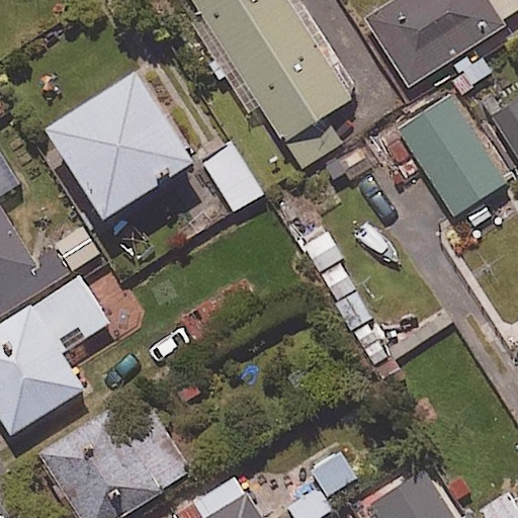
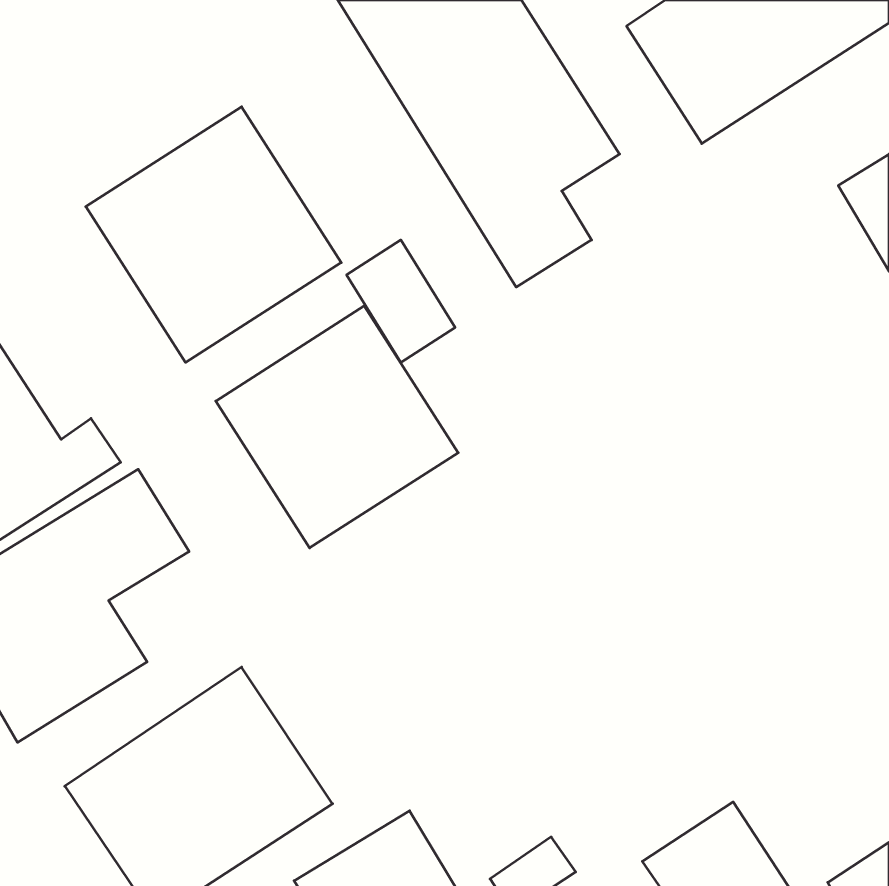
building: [396,95,501,214] -> none
building: none -> [216,306,458,548]

